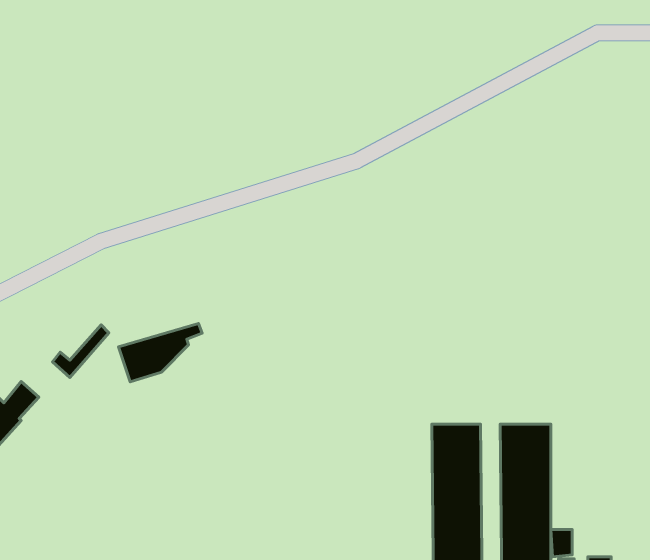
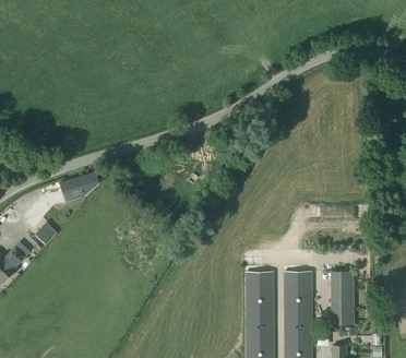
building: [119,324,202,382] -> [60,170,107,203]
building: none -> [332,272,354,324]

